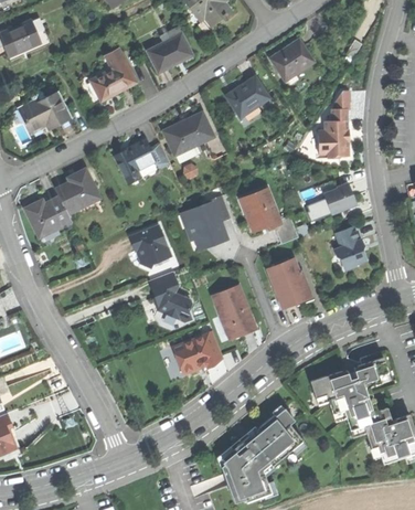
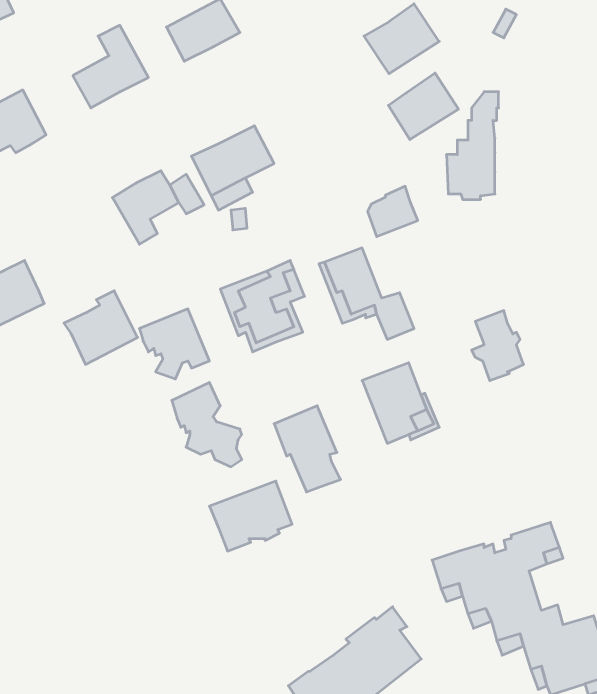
building: [225,76,268,117] -> [388,73,458,140]
building: [54,169,99,214] -> [64,291,138,364]
building: [324,182,355,213] -> [368,186,418,237]

